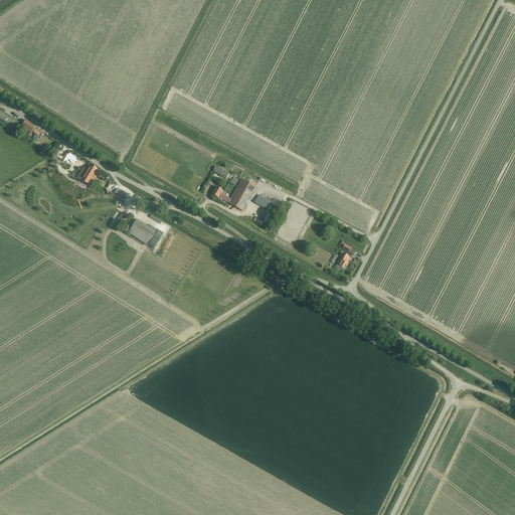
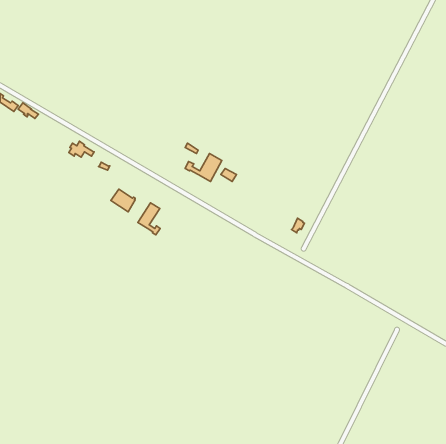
building: none -> [138,203,160,235]

